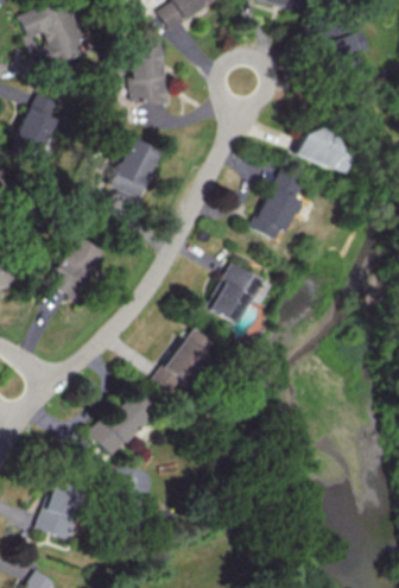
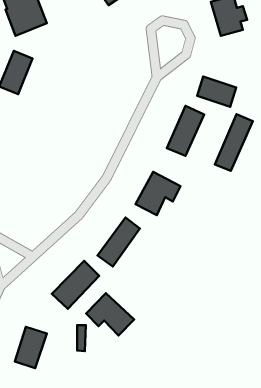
building: [129,45,170,105] -> none
building: [112,137,164,202] -> none
building: none -> [215,114,253,171]
building: [51,235,103,299] -> none
building: none -> [86,293,134,335]

